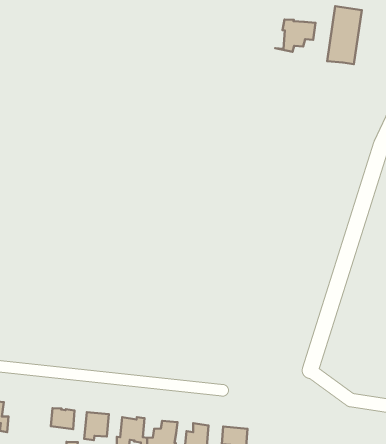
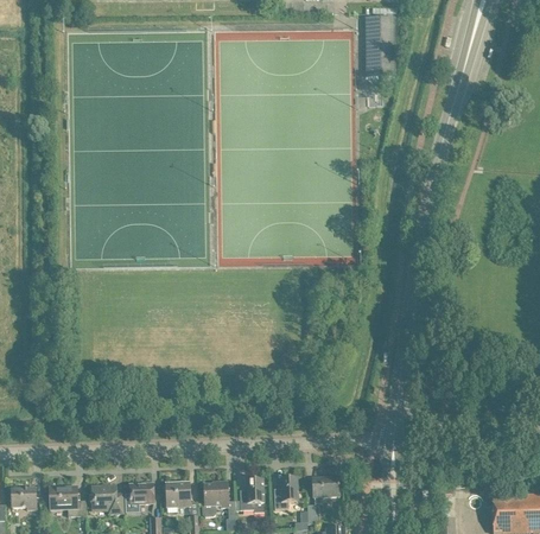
building: [275,19,316,52] -> none
building: none -> [90,483,125,510]

